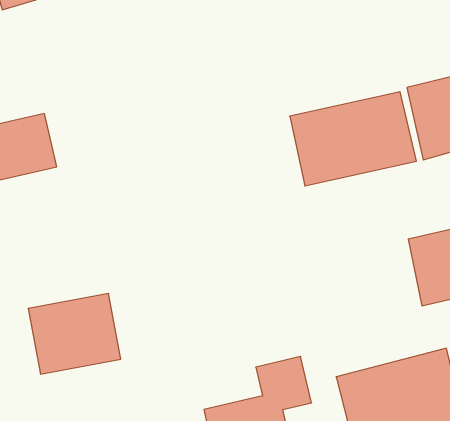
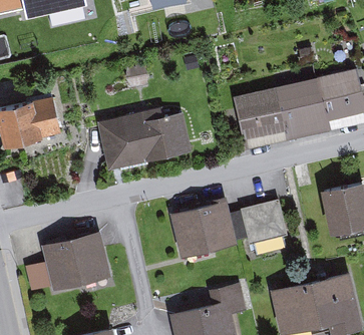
building: none -> [98,109,191,173]
building: none -> [170,200,239,262]
building: none -> [238,200,292,255]

